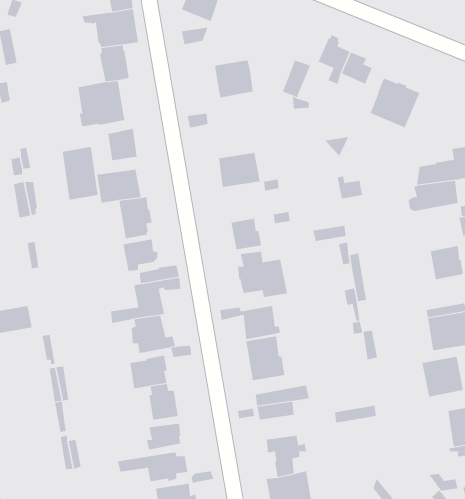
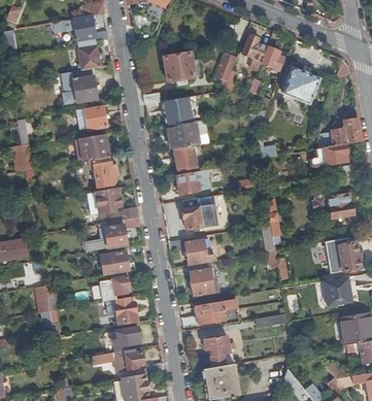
building: none -> [163,97,193,127]
building: [62,146,98,200] -> none
building: none -> [173,145,196,170]

